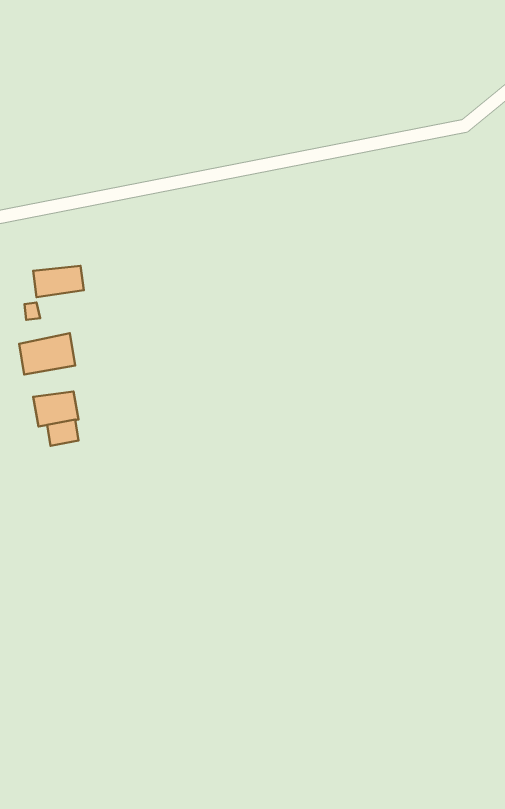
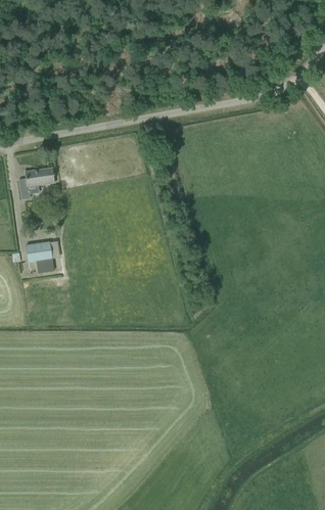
building: [19,333,75,374] -> none

